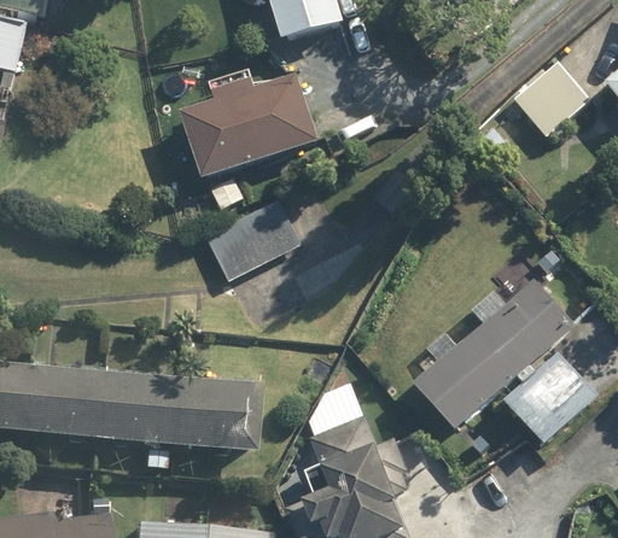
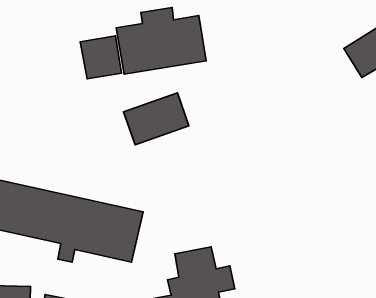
building: none -> [80,36,121,79]
building: [412,277,599,445] -> none

